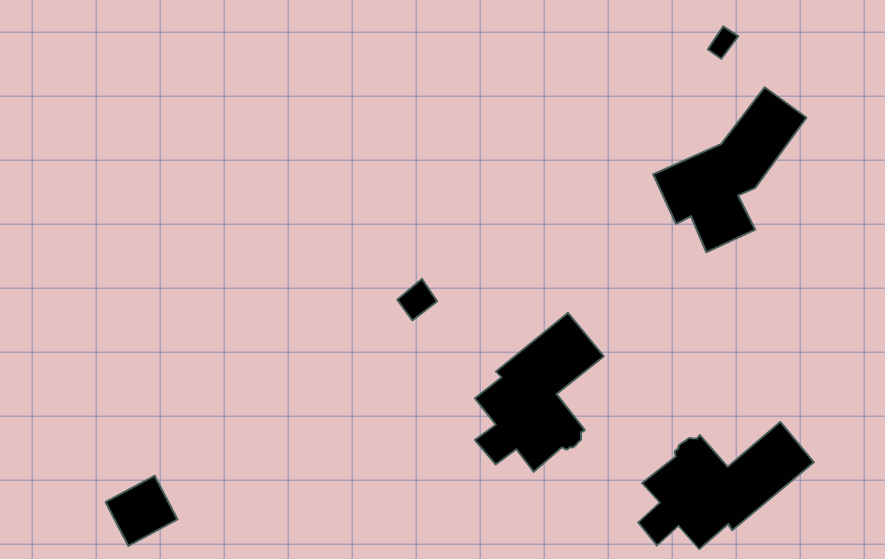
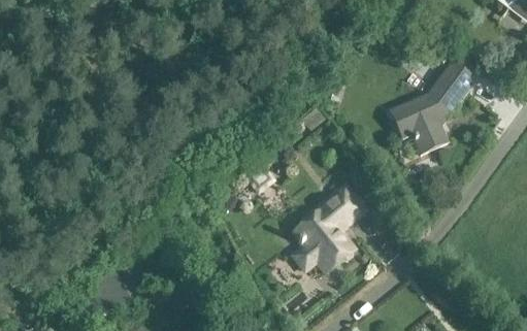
building: [638,422,814,549] -> none

